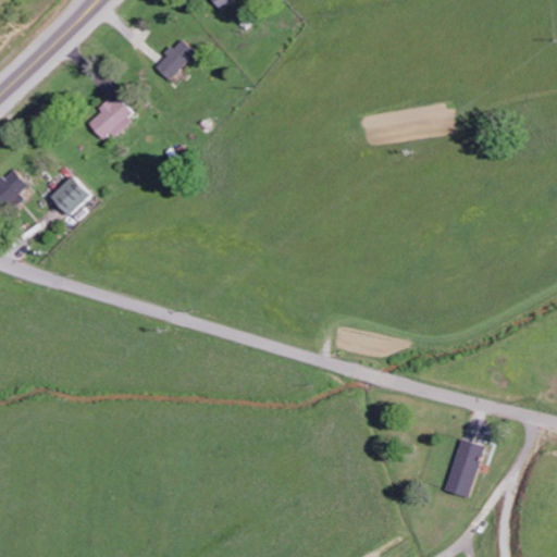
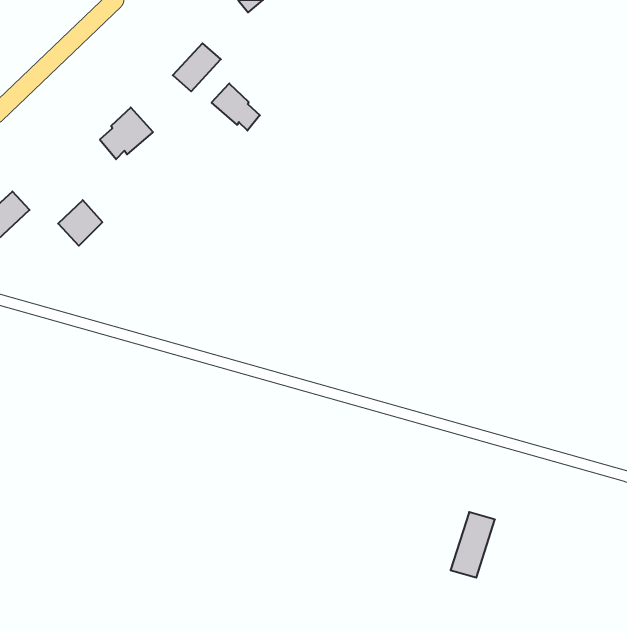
building: none -> [212,83,260,131]
building: [446,438,485,496] -> [450,512,495,578]

